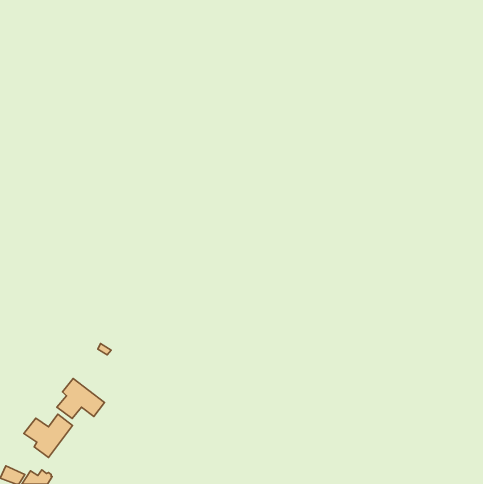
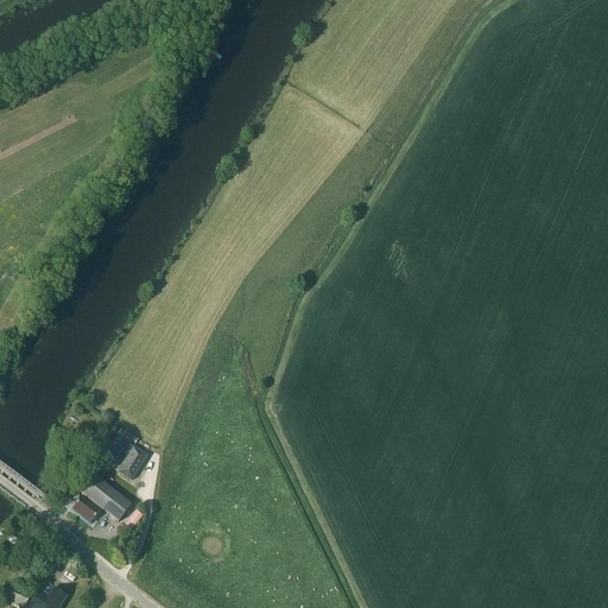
building: none -> [104,441,148,480]
building: [24,414,73,457] -> none

